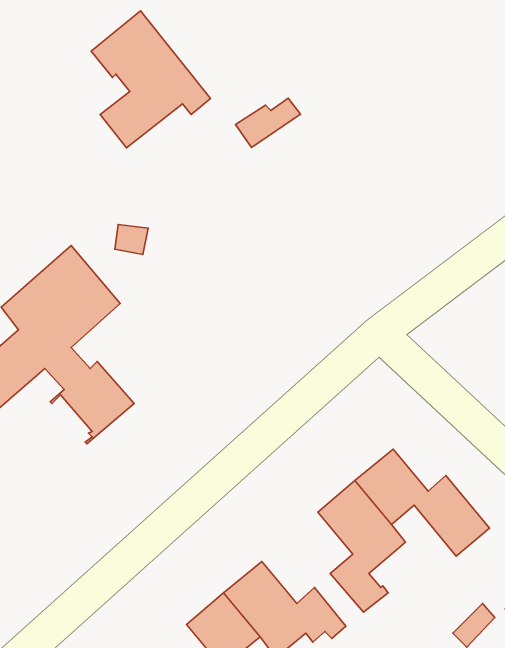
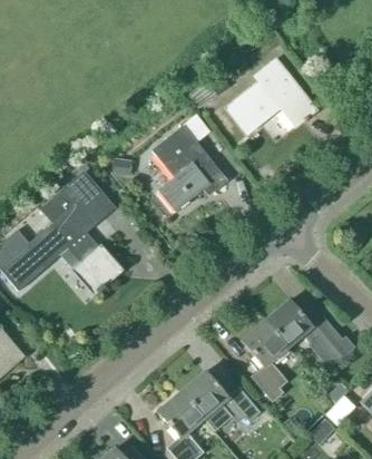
building: [91,11,210,148] -> [151,125,227,212]
building: none -> [226,59,316,134]

